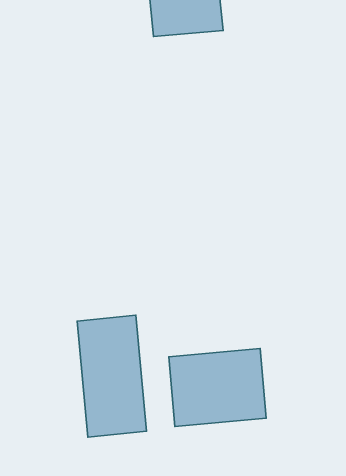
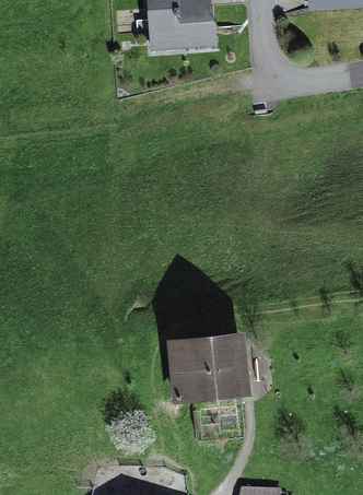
building: [77,315,146,437] -> none

